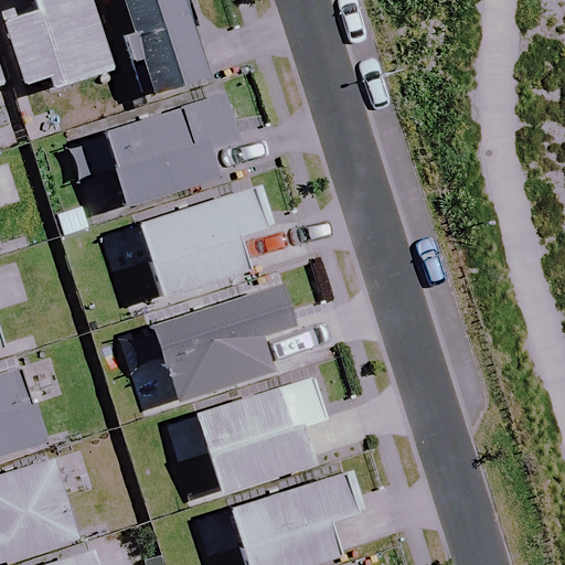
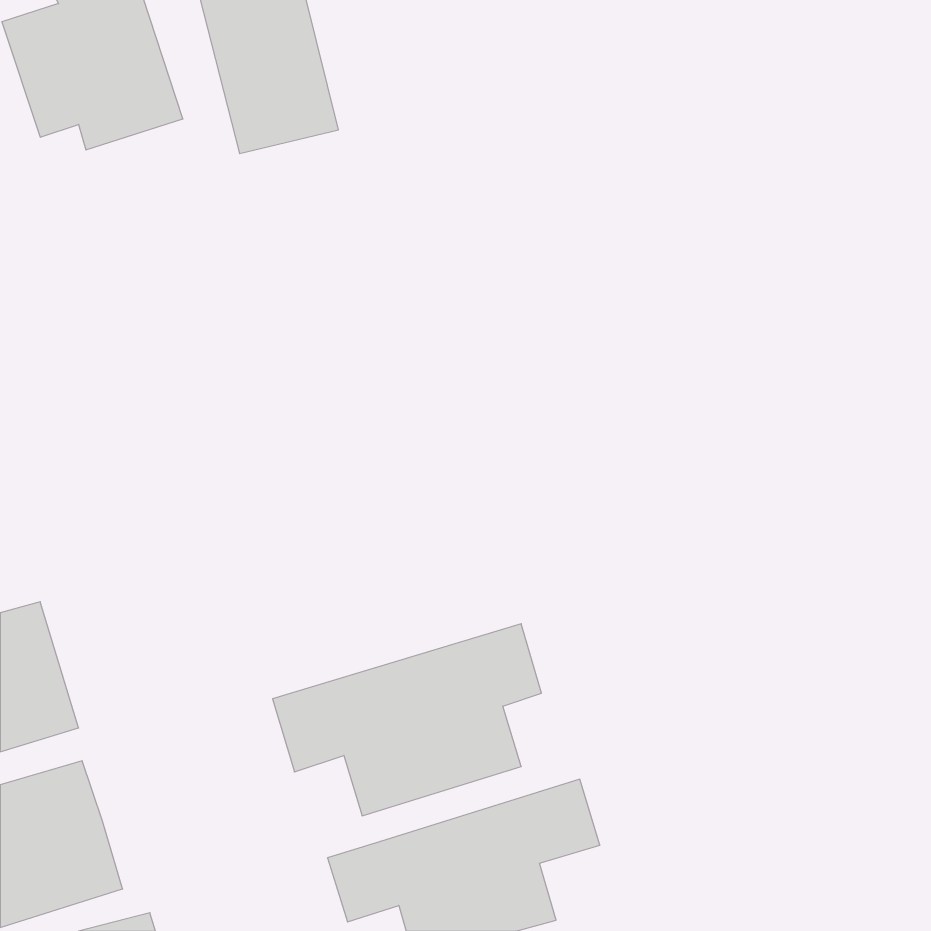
building: [74,110,221,205] -> none
building: [103,185,274,296] -> none
building: [156,288,294,401] -> none

